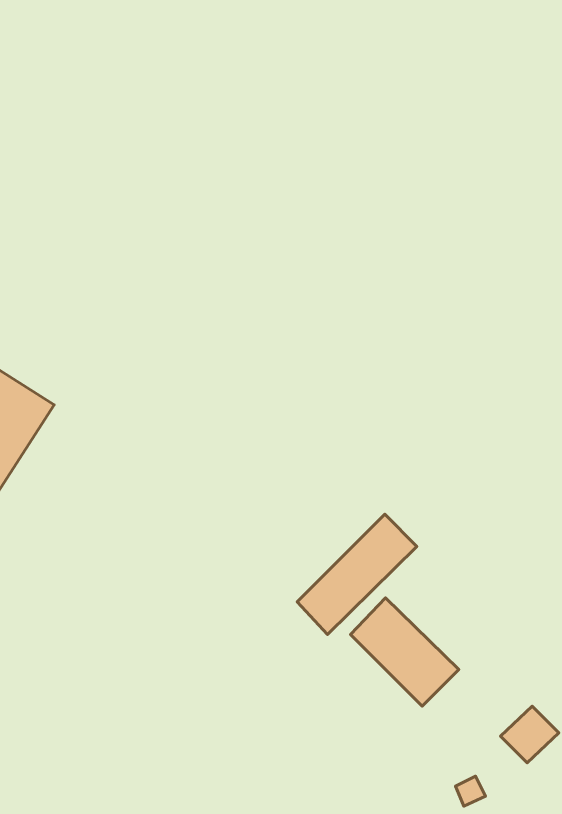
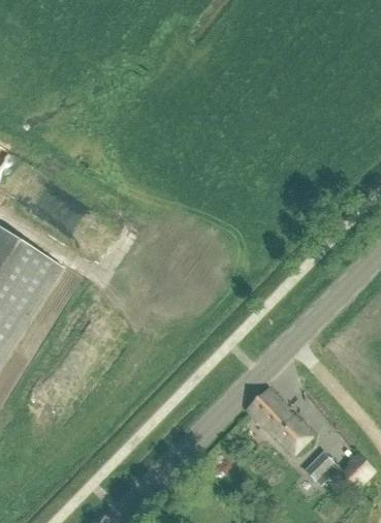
building: [297,514,417,634] -> none
building: none -> [306,451,340,485]

